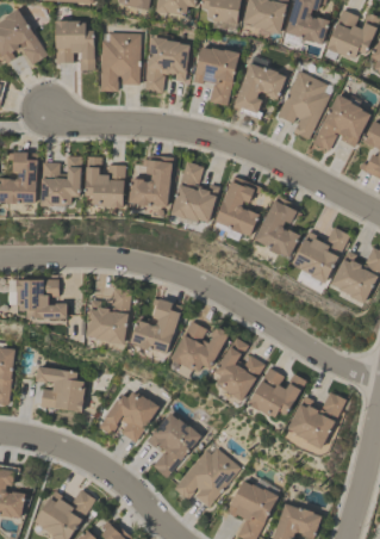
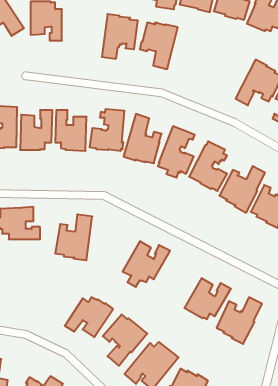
building: [99,32,139,91] -> none
building: [232,62,286,117] -> none
building: [278,69,330,138] -> none
building: [131,297,181,354] -> none
building: [214,337,266,402] -> none
building: [35,366,85,411] -> none

